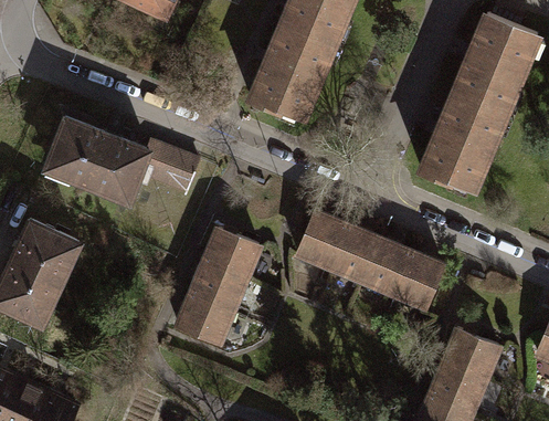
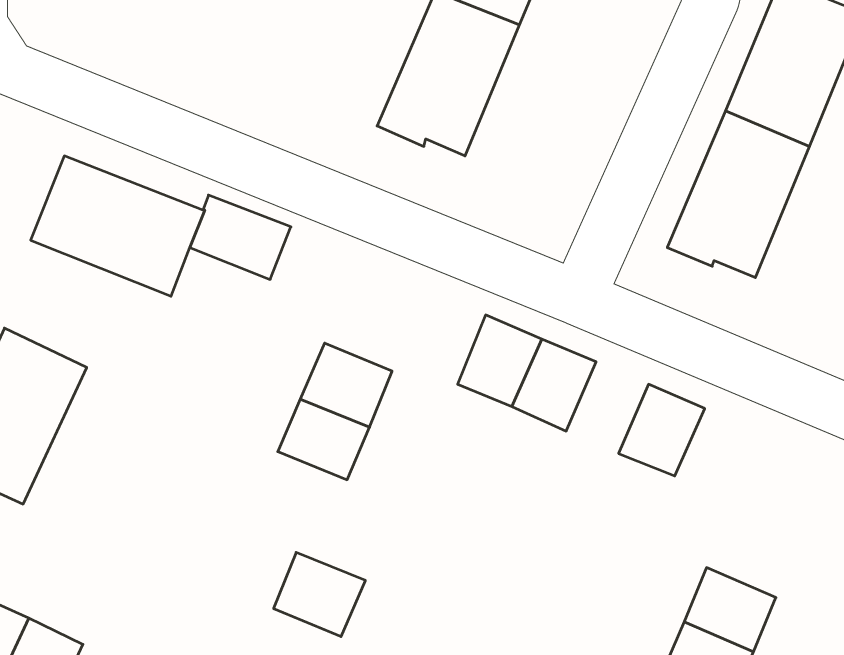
building: [361,240,410,294] -> none
building: [178,293,232,343] -> [274,552,365,637]
building: [444,329,499,379] -> none

